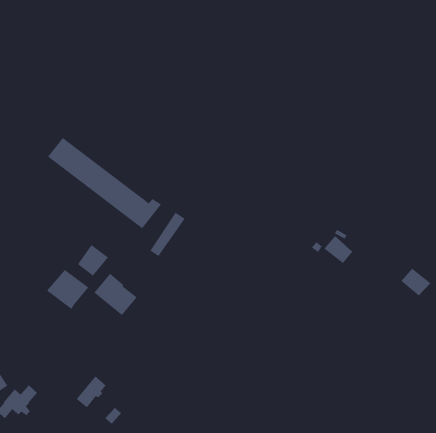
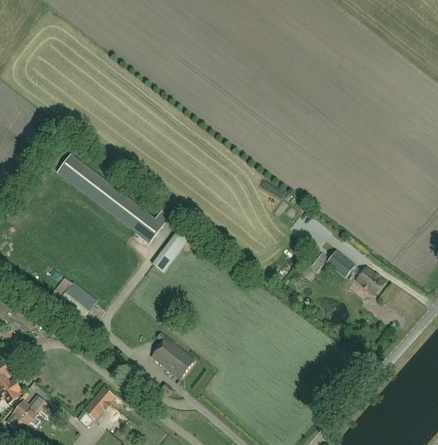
building: [77,244,109,277] -> none
building: [400,268,431,296] -> [356,266,386,294]
building: [94,273,138,316] -> [151,336,194,378]

